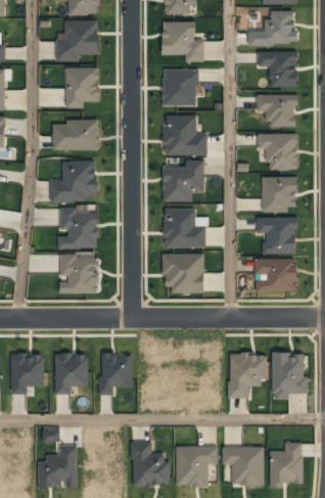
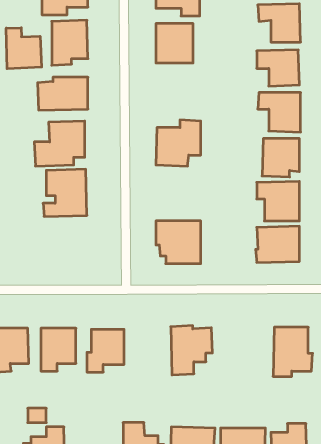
building: none -> [6,28,42,69]
building: [164,115,207,155] -> none
building: [164,210,206,247] -> none
building: [60,253,97,293] -> none
building: [229,353,268,399] -> [171,326,212,375]

